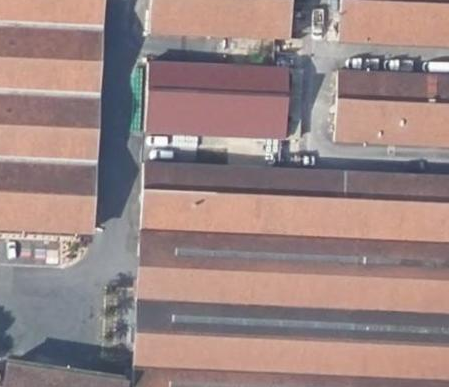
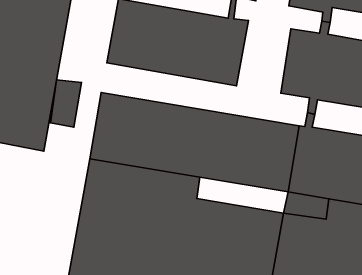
building: none -> [50,80,81,127]
building: [260,240,356,267] -> none

